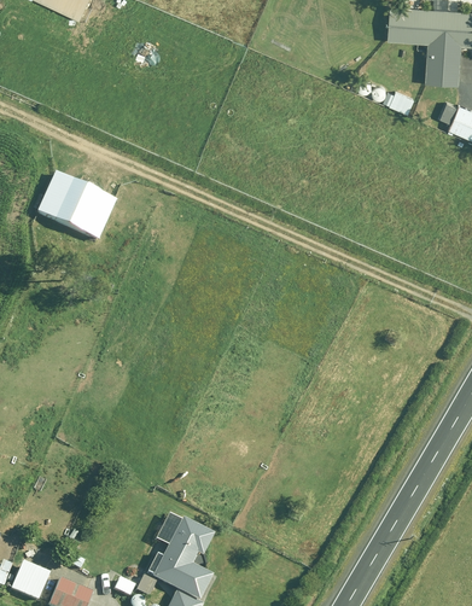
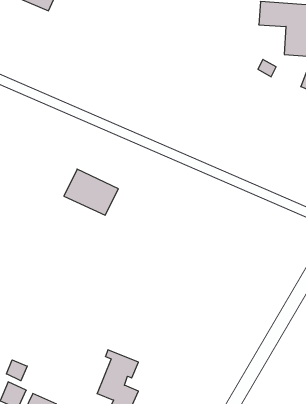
building: [35,174,115,241] -> [64,169,118,215]
building: none -> [6,360,27,381]

